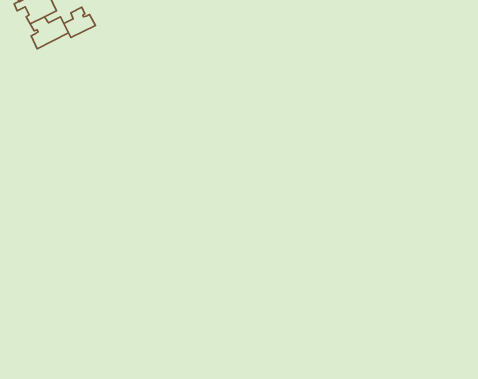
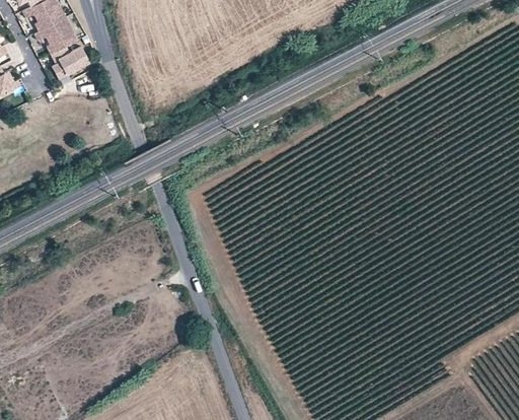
building: [64,7,95,38] -> none

